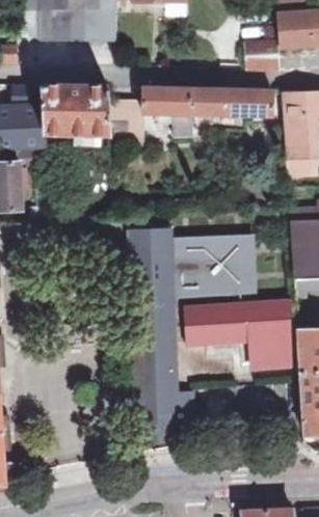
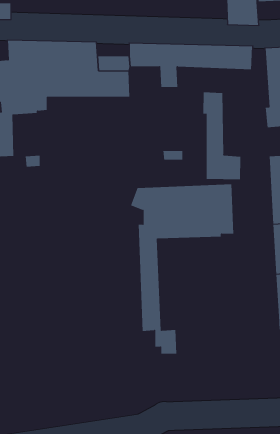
building: none -> [203,91,241,180]
building: [186,300,295,365] -> none

